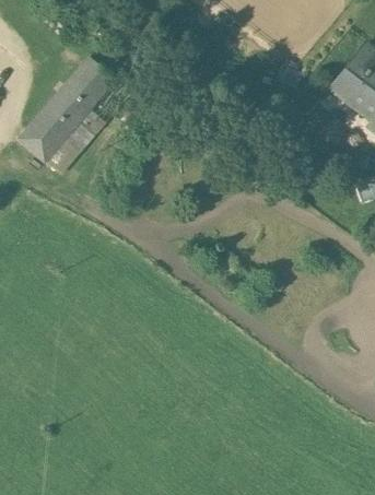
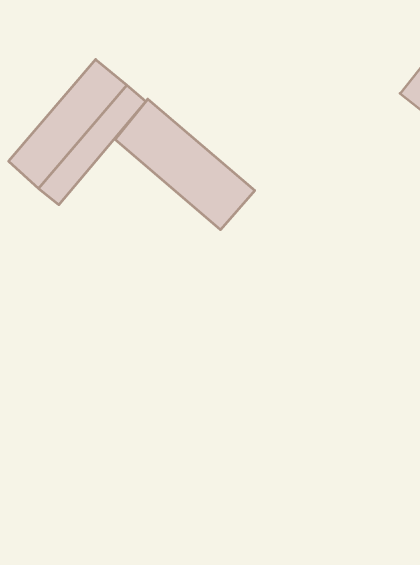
building: none -> [115,99,255,230]

